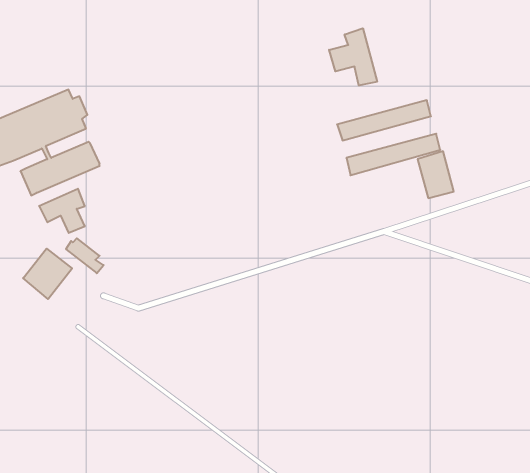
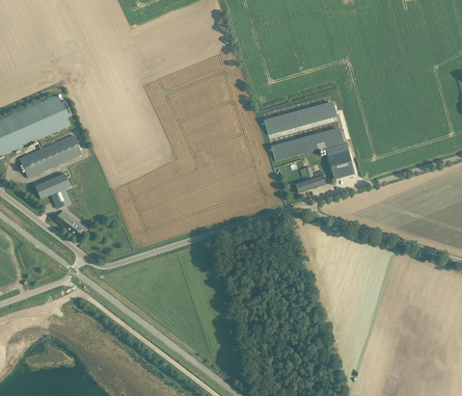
building: [329,28,377,86] -> none
building: none -> [295,166,326,192]
building: [23,249,72,299] -> none

